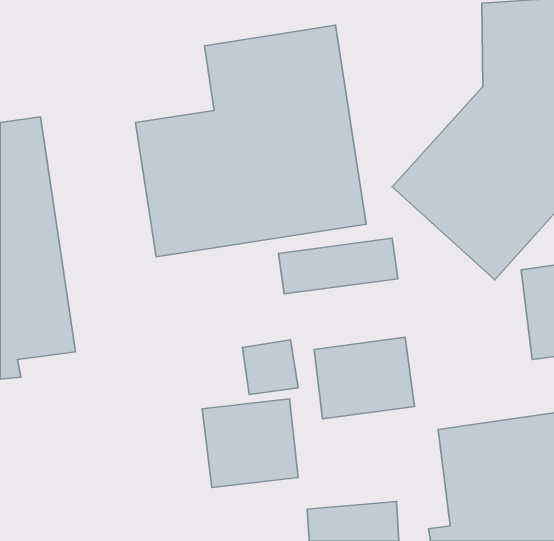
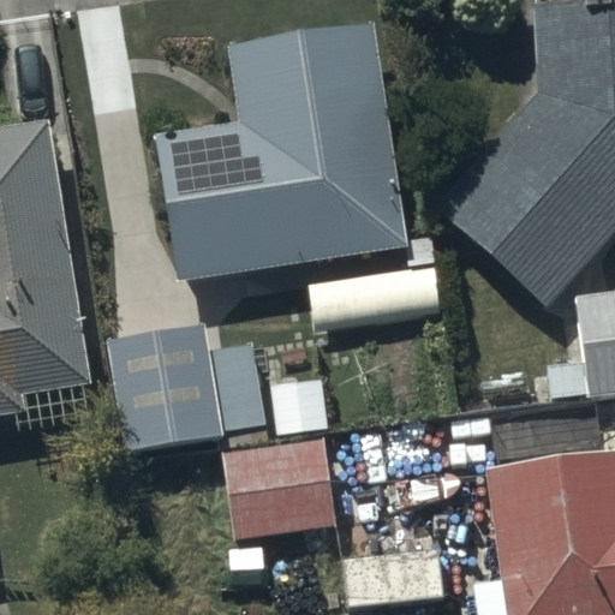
building: none -> [105,327,269,456]
building: [314,337,414,419] -> none

